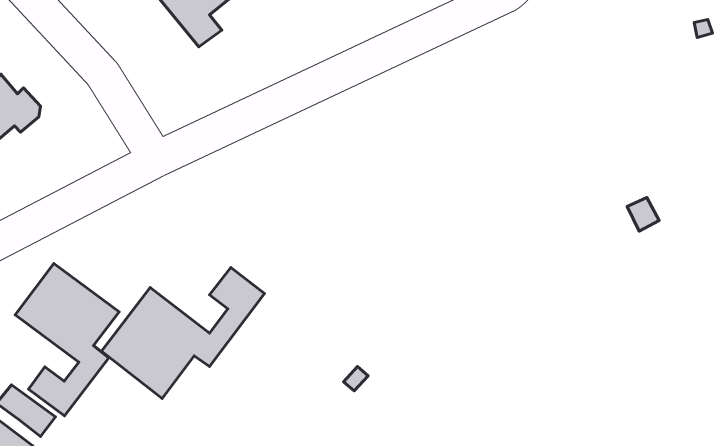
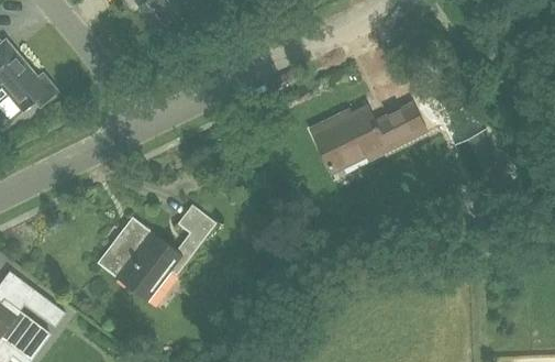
building: none -> [311,103,425,169]
building: [15,263,119,416] -> none

